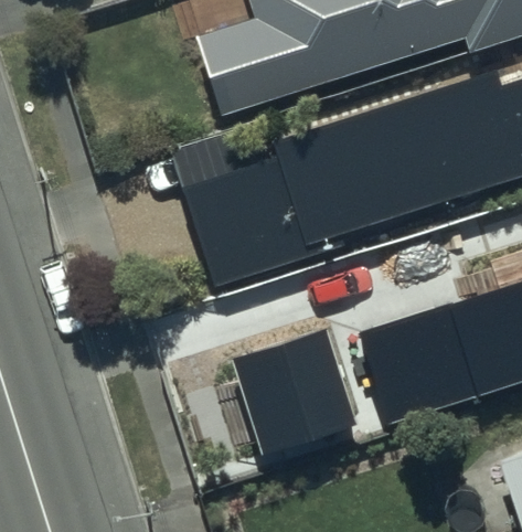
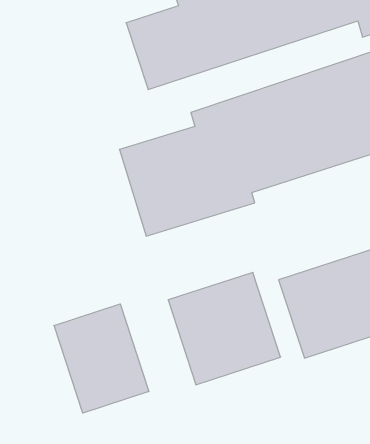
building: none -> [54,304,149,413]

